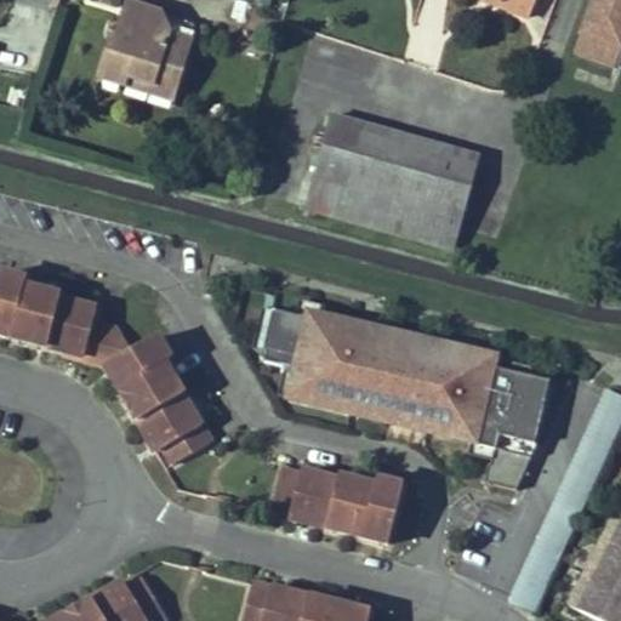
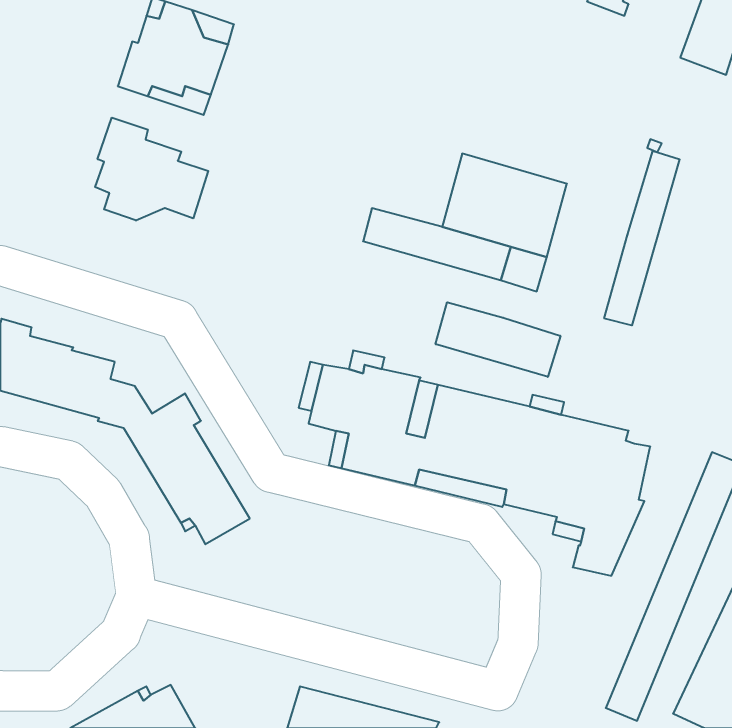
building: none -> [95,118,208,221]
building: [315,114,392,192] -> none
building: none -> [604,151,680,325]
building: none -> [436,302,560,377]
building: [272,467,405,541] -> none

